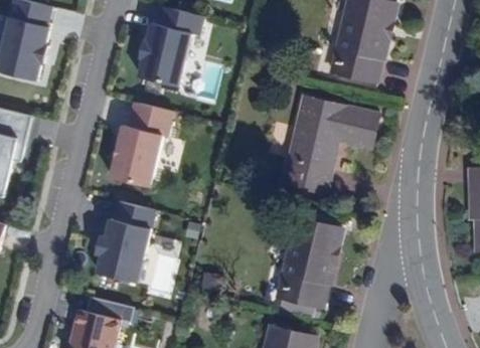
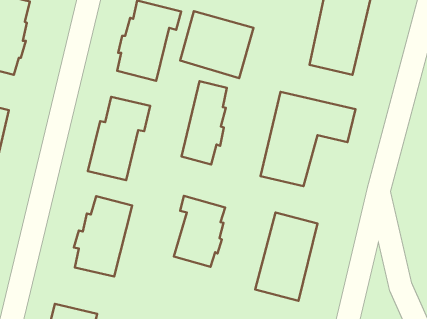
building: none -> [180,11,253,78]
building: none -> [182,81,227,164]
building: none -> [174,196,225,267]

